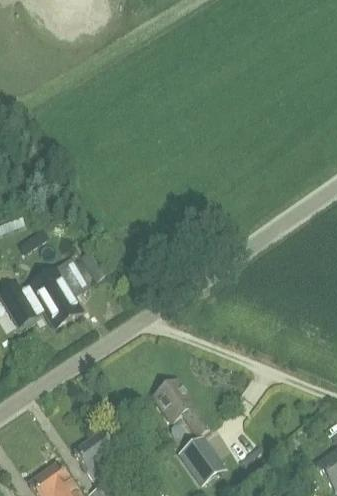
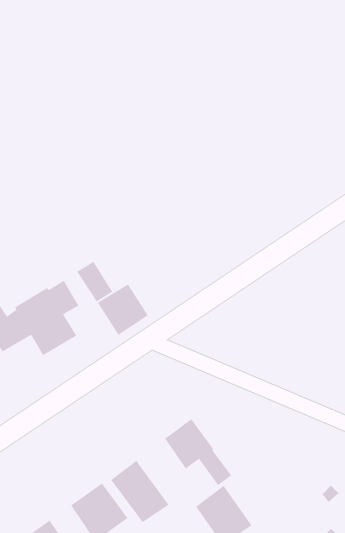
building: none -> [97,284,149,336]
building: none -> [110,460,169,523]

